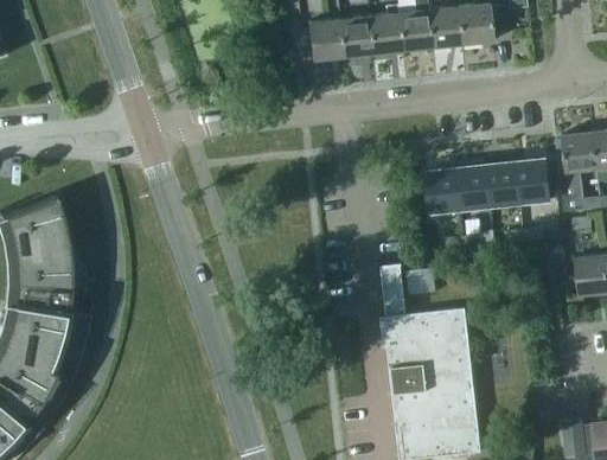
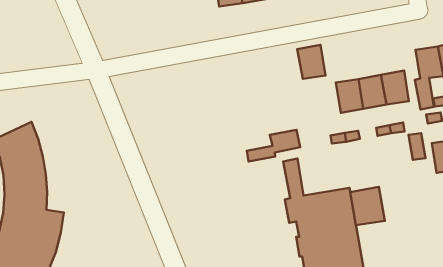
building: [424,170,459,212] -> [297,45,325,79]
building: none -> [247,130,300,161]
building: none -> [350,187,385,225]

